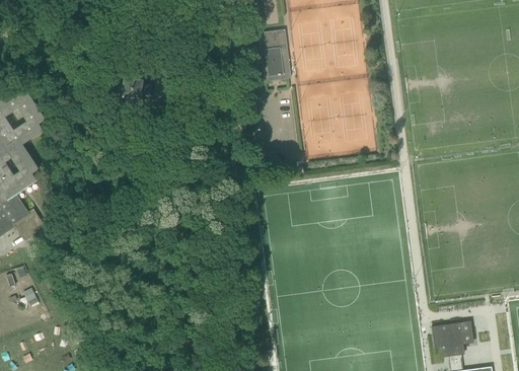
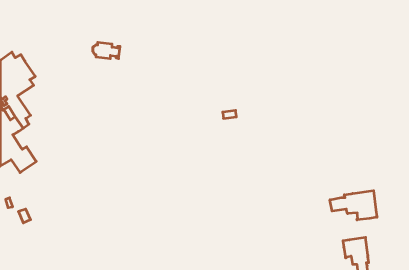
building: [257,29,287,75] -> none
building: none -> [330,191,377,220]

